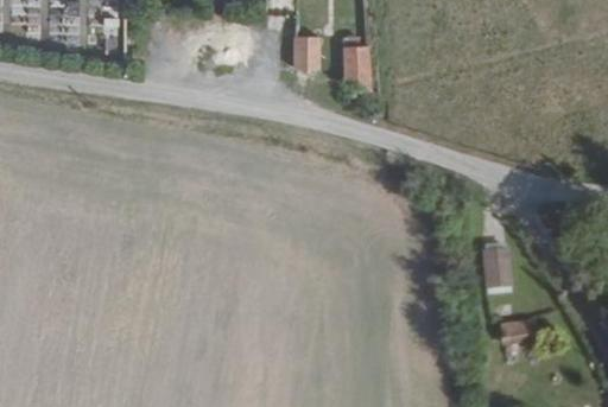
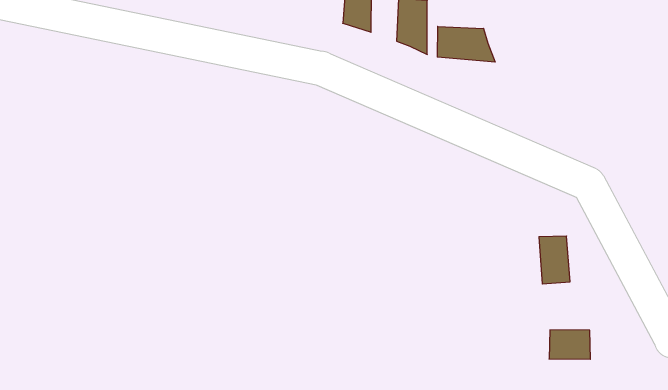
building: none -> [437,26,495,62]

